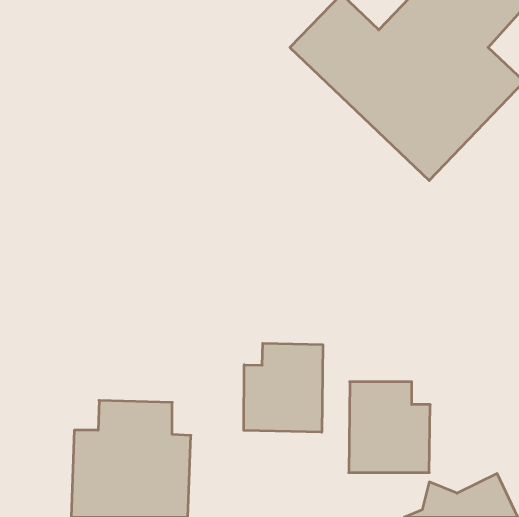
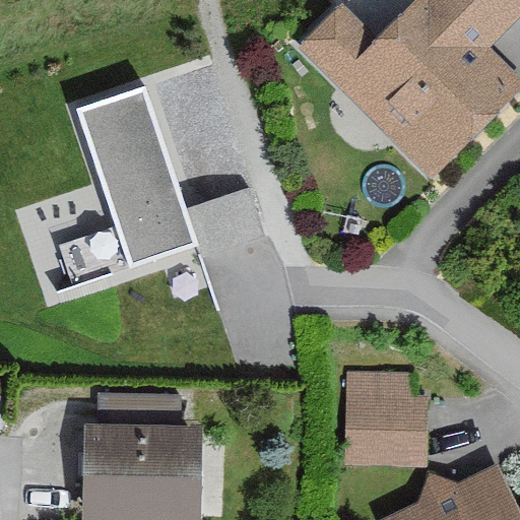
building: none -> [67,85,270,283]
building: [244,343,323,432] -> none

